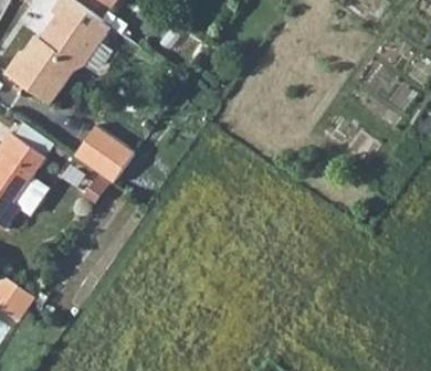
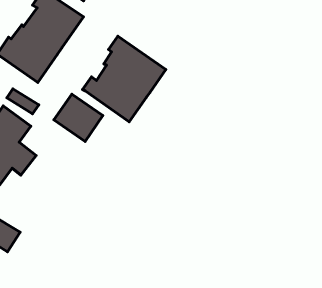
building: none -> [83,36,166,122]

